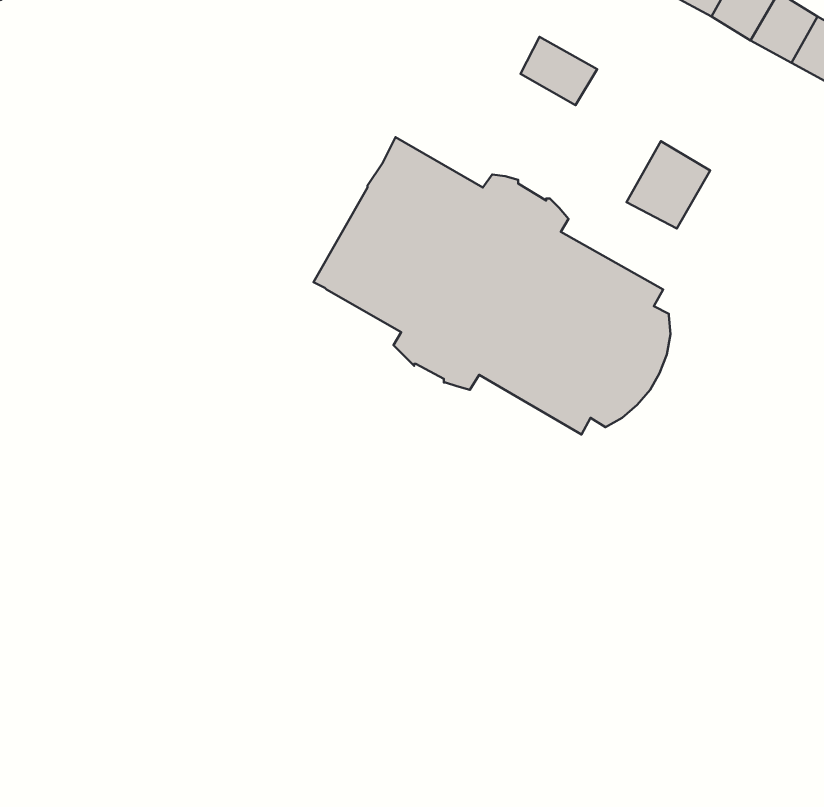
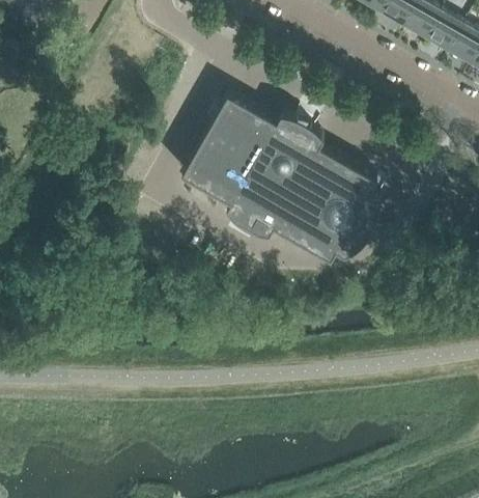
building: [521,37,597,105] -> none
building: [626,141,710,228] -> none

